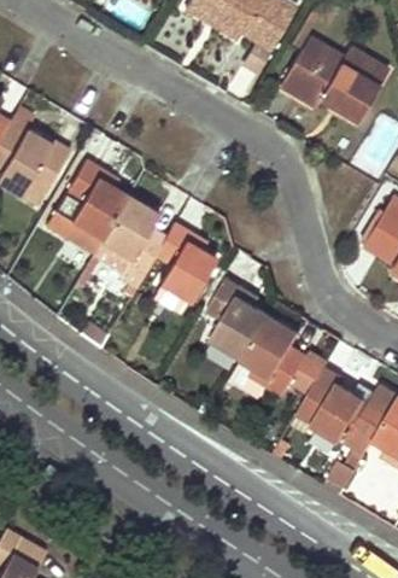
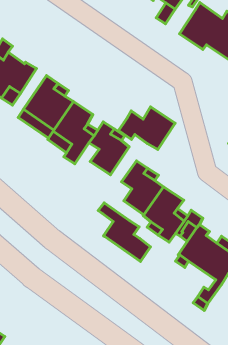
building: none -> [118,107,175,149]
building: none -> [98,203,151,261]

